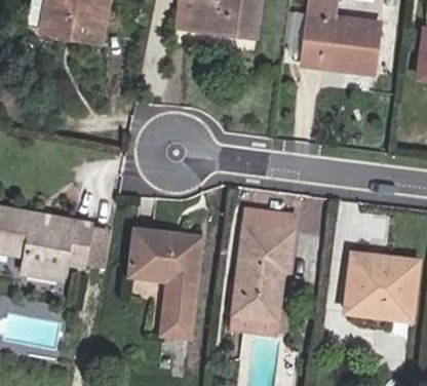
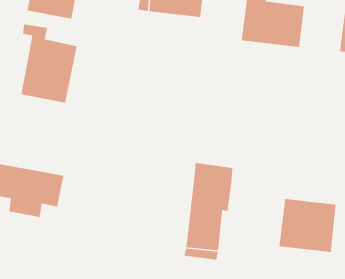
building: none -> [21,24,77,103]
building: [81,227,110,267] -> none
building: [130,231,199,334] -> none

